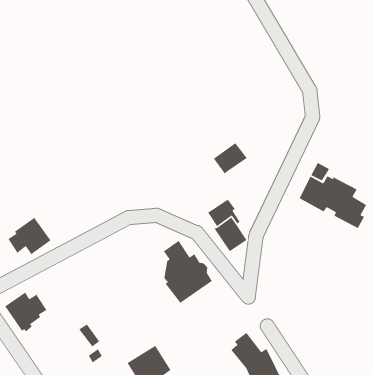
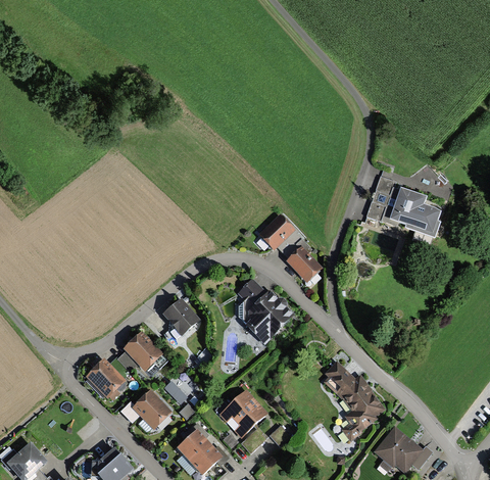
building: [213,142,248,174] -> [258,215,294,250]
building: [8,217,51,255] -> [117,332,162,373]
building: none -> [162,298,200,339]
building: none -> [132,391,170,430]

